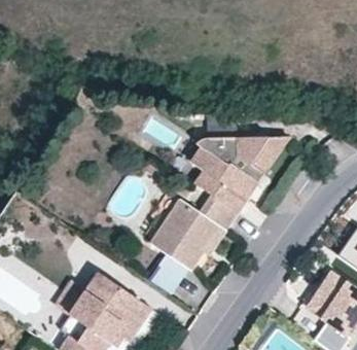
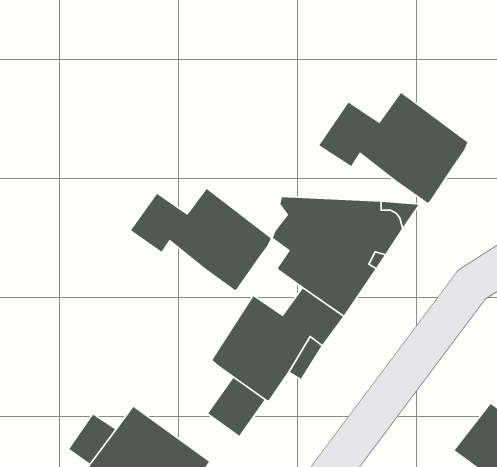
building: none -> [318,92,468,204]
building: none -> [130,188,272,291]

